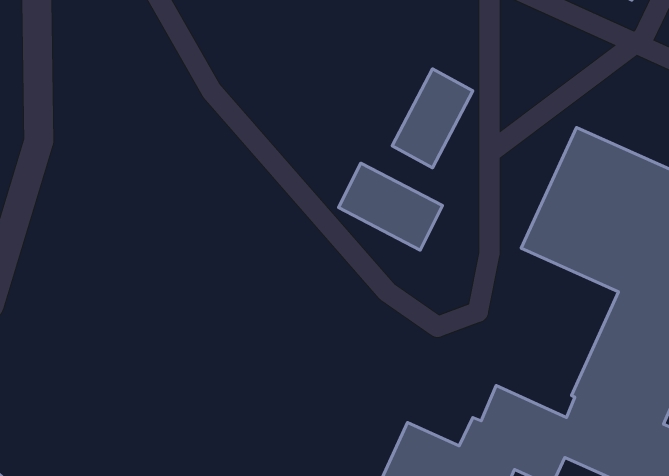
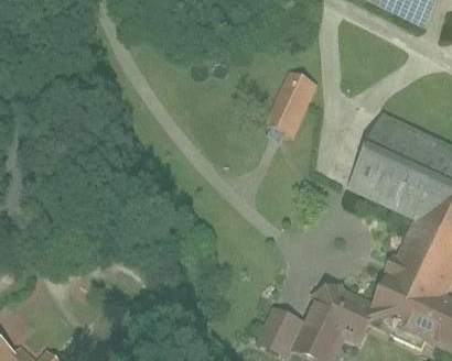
building: [339,163,442,250] -> none

